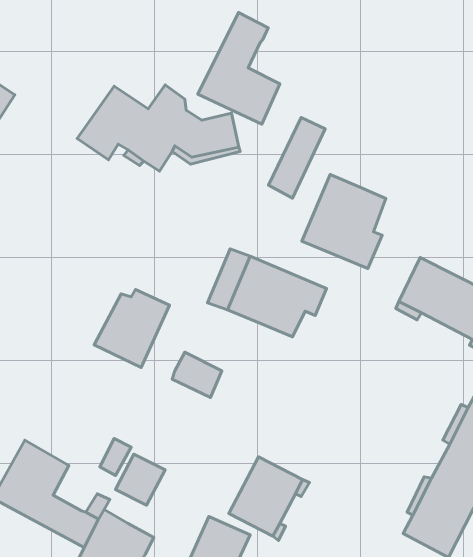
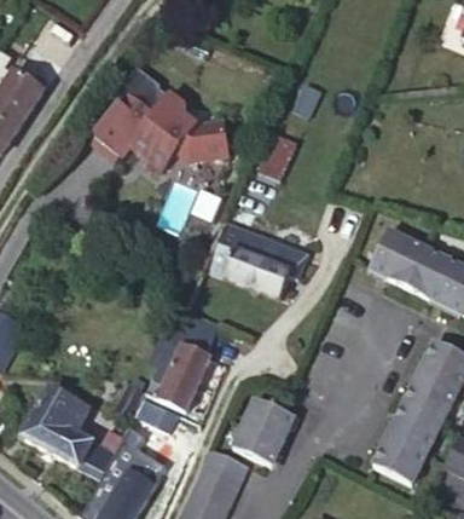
building: [198,12,280,124] -> none
building: [302,175,386,269] -> none
building: [94,290,169,367] -> [146,344,210,410]

